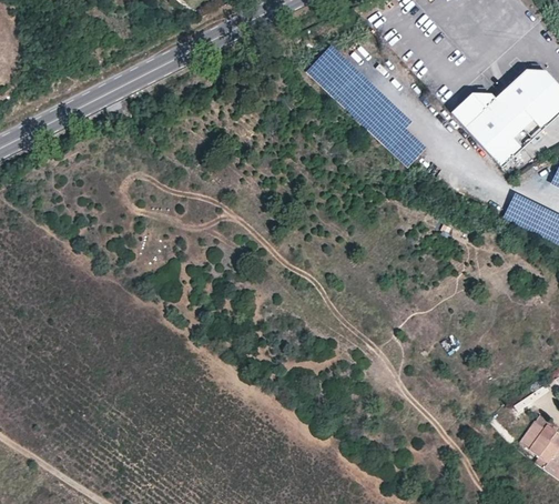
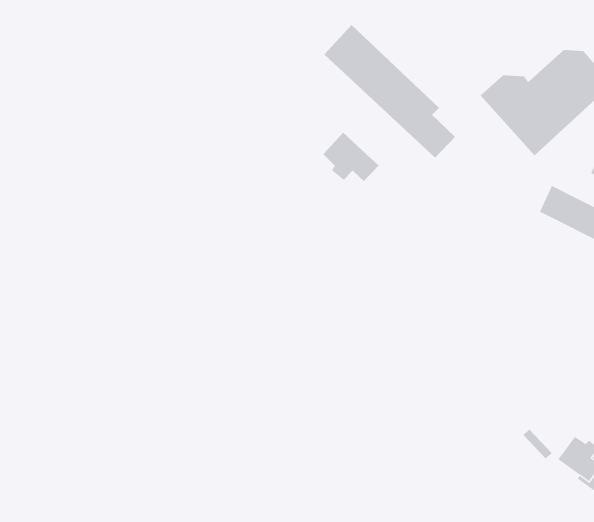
building: none -> [322,132,379,182]

